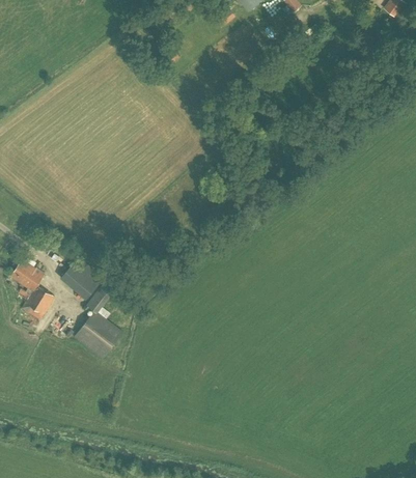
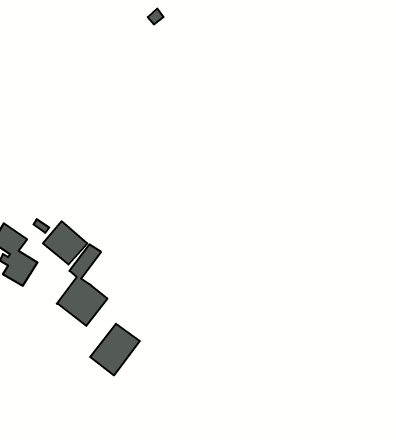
building: none -> [90,324,140,375]

